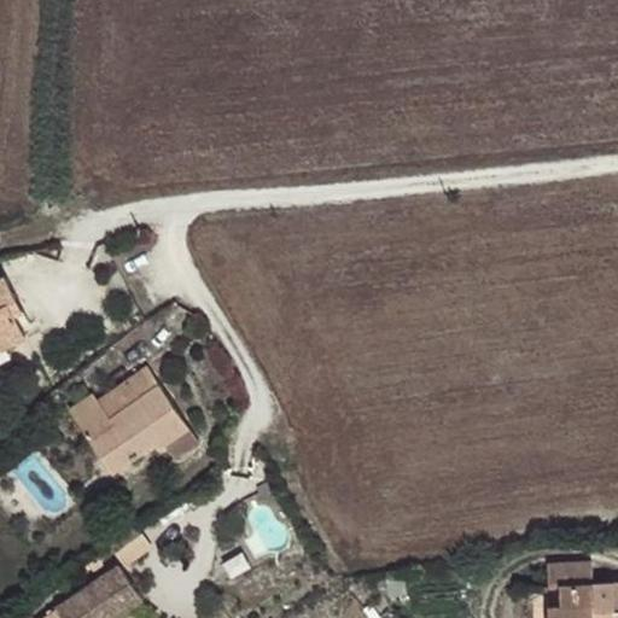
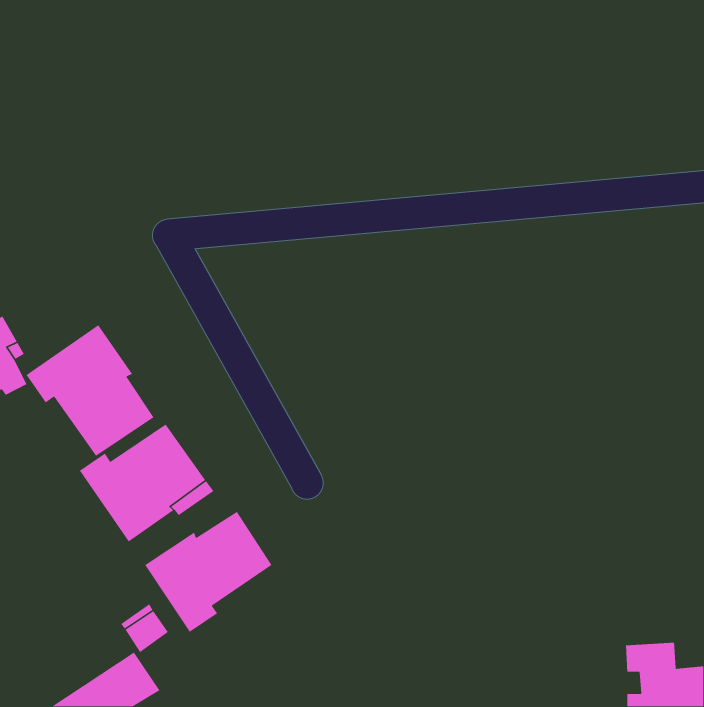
building: none -> [25,324,154,457]
building: none -> [144,511,272,633]

